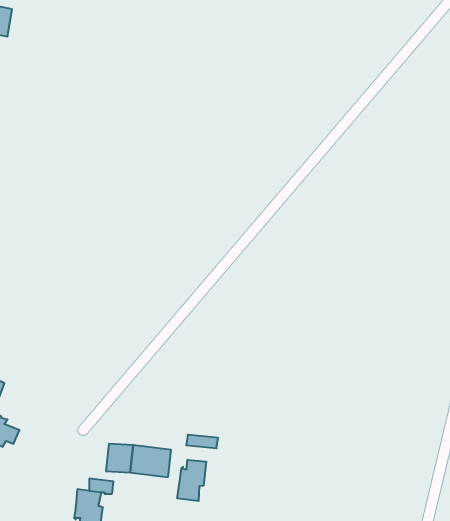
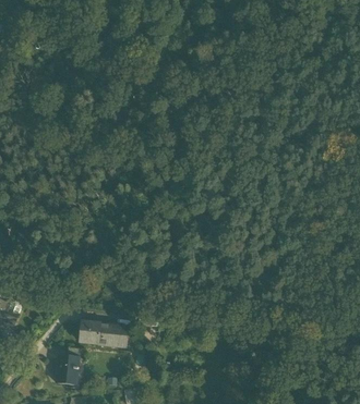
building: [177,460,206,501] -> none

